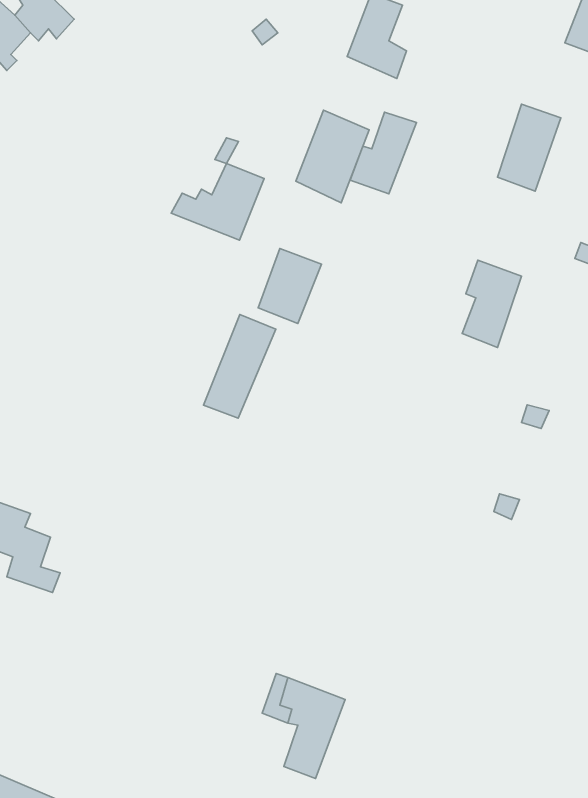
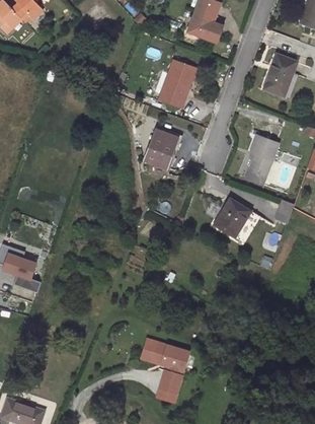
building: [350,112,417,194] -> none
building: [171,163,264,240] -> none
building: [204,315,276,418] -> none
building: none -> [214,204,250,244]

